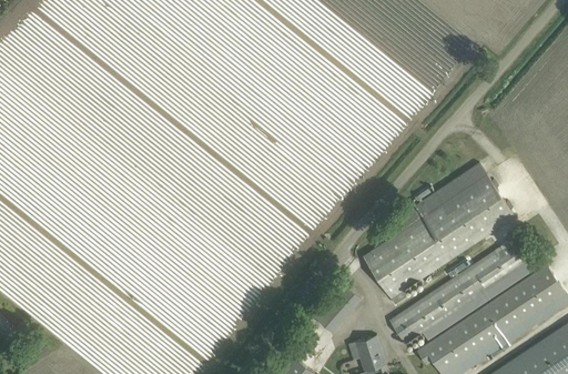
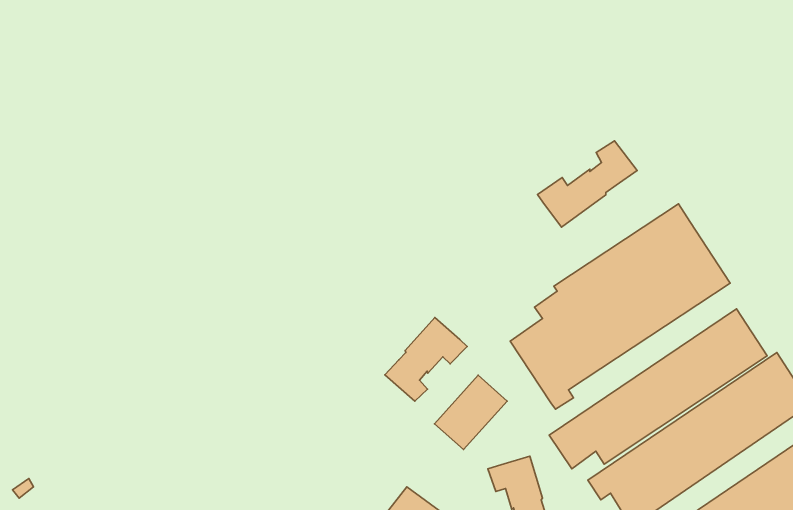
building: none -> [537,141,637,227]
building: none -> [385,317,467,401]

